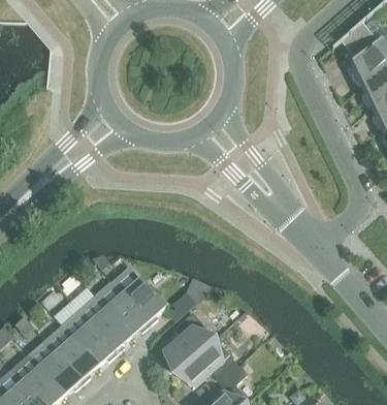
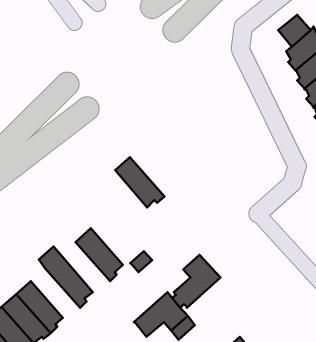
building: [97,280,153,337] -> [115,157,164,207]
building: [55,300,119,366] -> none
building: [163,311,218,371] -> [172,255,220,308]

